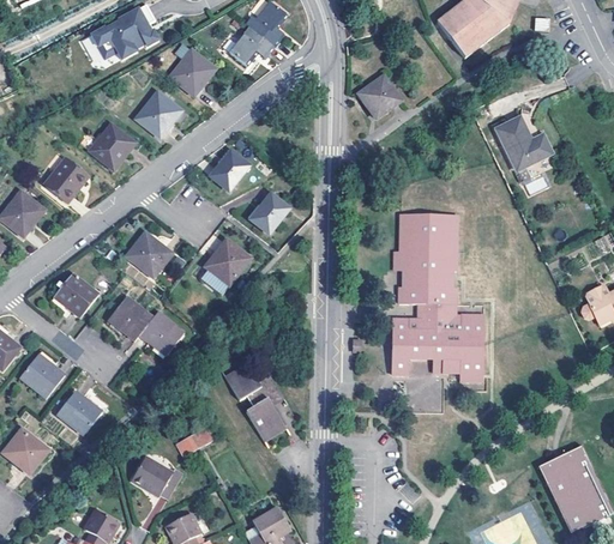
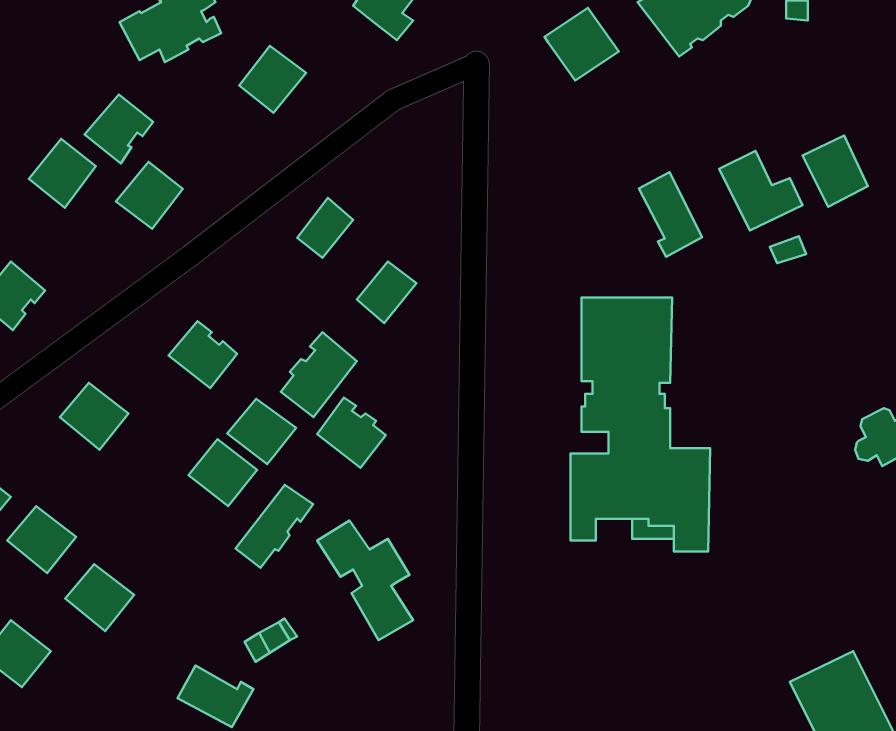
building: [231,31,277,64] -> none
building: [355,73,404,121] -> [544,8,619,80]
building: [138,90,183,135] -> [84,95,153,163]
building: none -> [803,135,868,207]
building: none -> [639,172,702,257]
building: [44,157,89,203] -> [29,139,96,208]
building: none -> [317,397,386,468]
building: [108,295,154,338] -> [227,399,296,464]
building: none -> [235,485,313,568]

